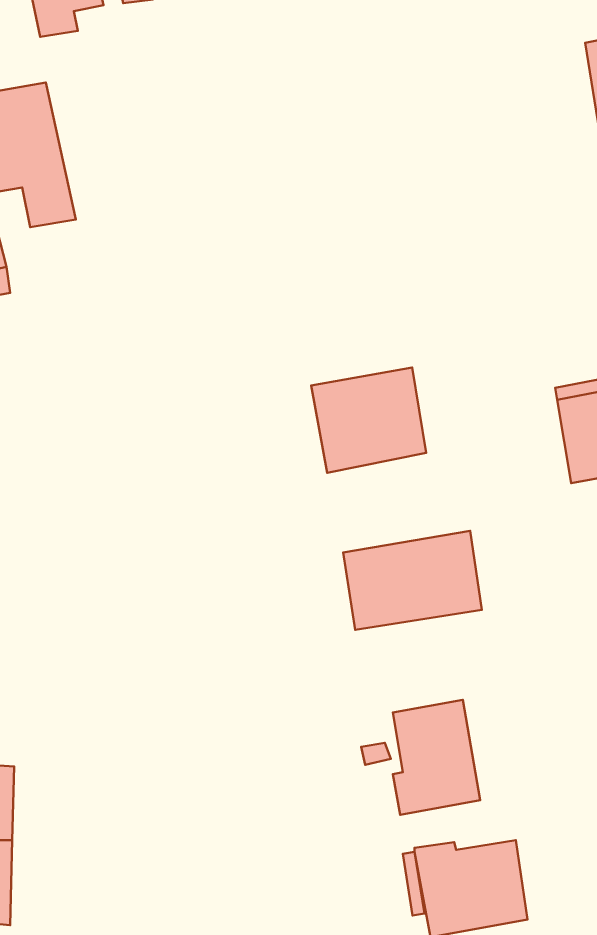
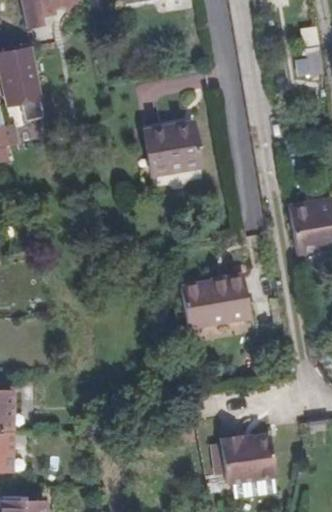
building: [311,368,426,473] -> [143,123,201,176]
building: [393,700,480,815] -> none

